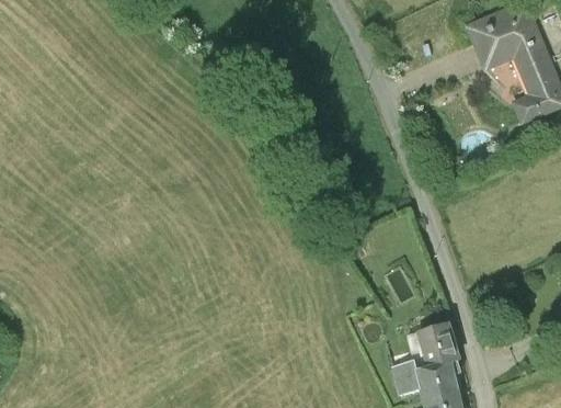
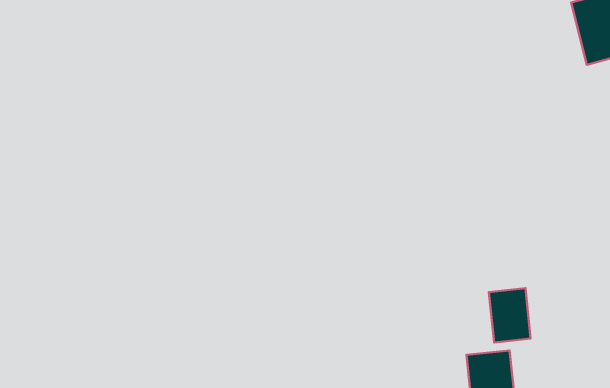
building: none -> [489,288,531,342]

